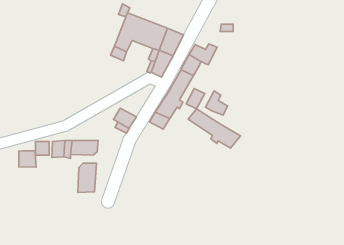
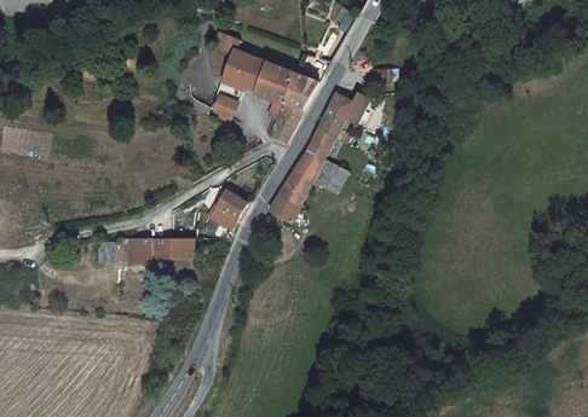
building: [206,91,227,115] -> none
building: [188,109,240,148] -> none
building: [19,151,36,167] -> none
building: [78,163,97,193] -> none

